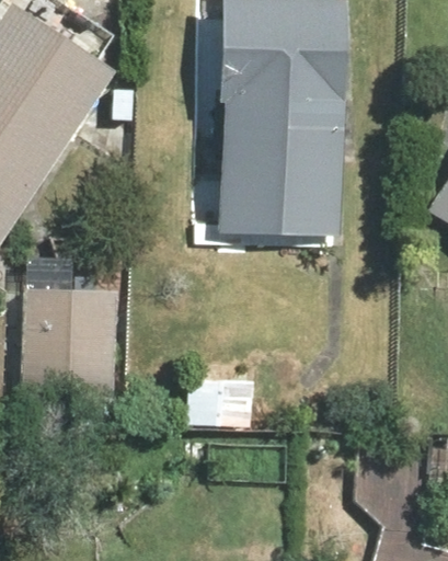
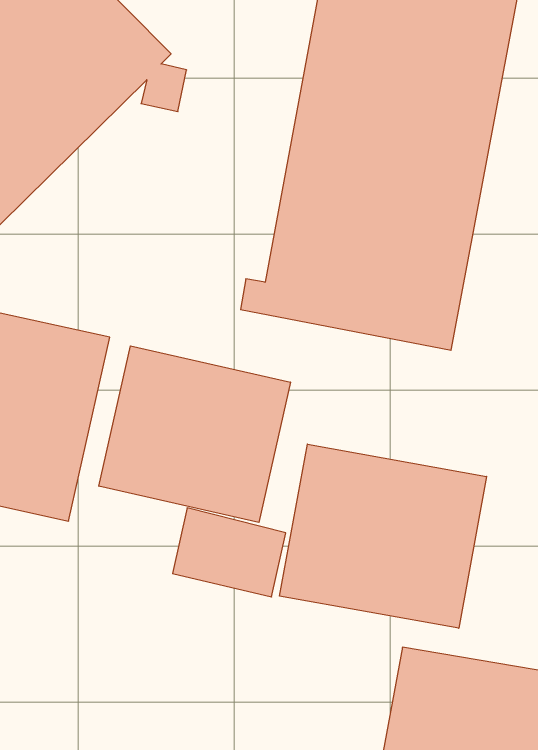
building: none -> [99,346,290,522]
building: none -> [280,444,487,628]

